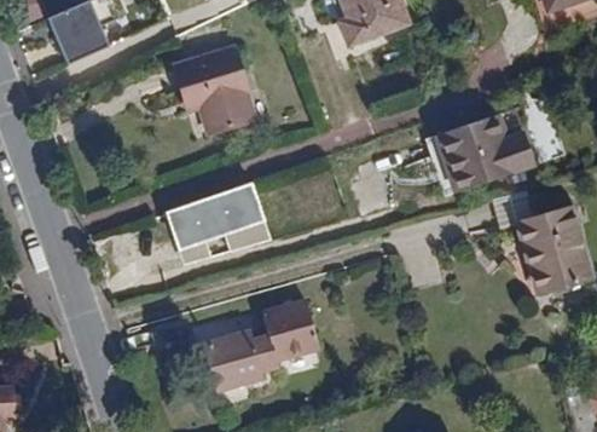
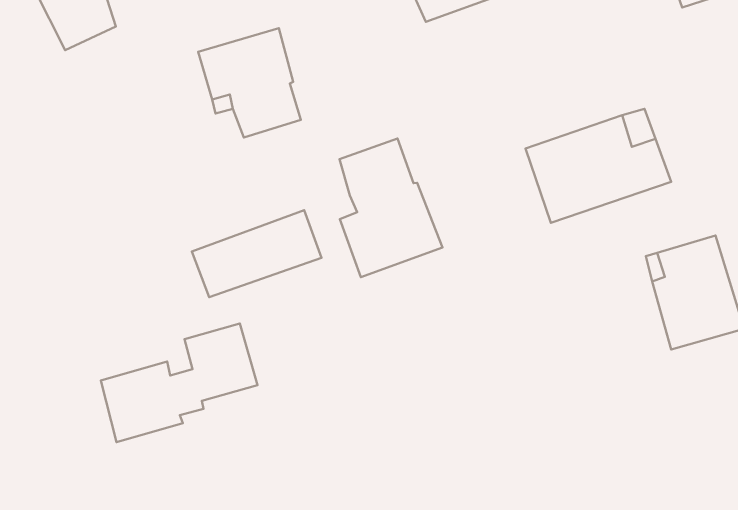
building: none -> [339,139,442,277]
building: [198,300,318,391] -> [101,323,257,442]

